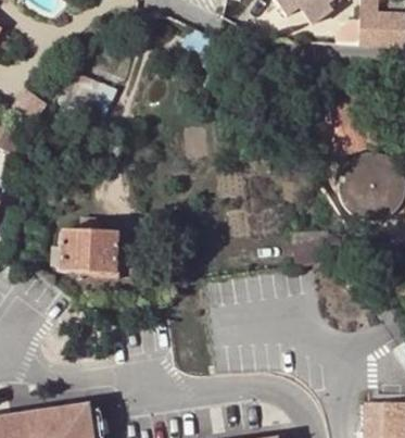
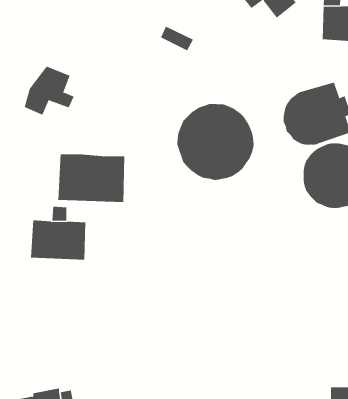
building: none -> [177,103,254,181]
building: none -> [58,153,125,203]

